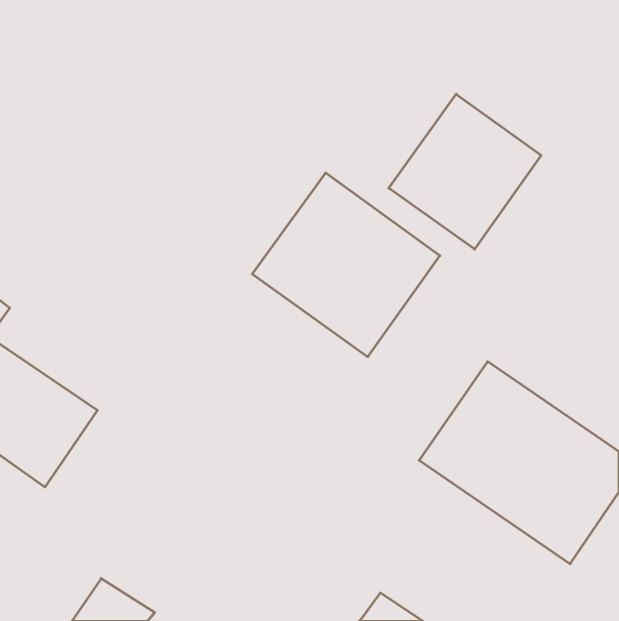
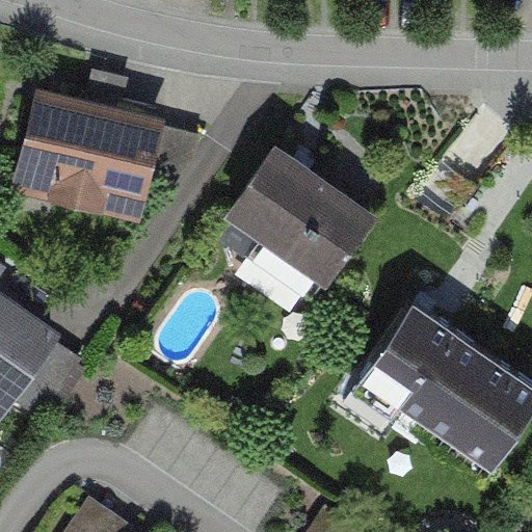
building: [389,94,541,249] -> none
building: none -> [10,85,165,219]

